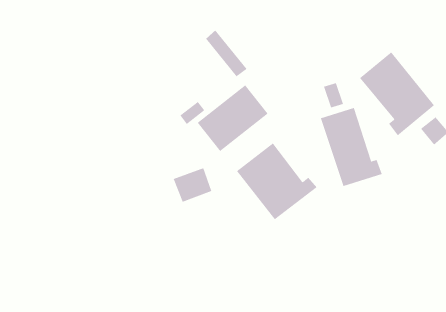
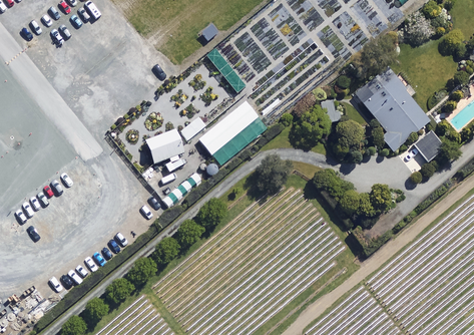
building: [320,107,382,187] -> none
building: [236,143,317,220] -> none
building: [173,167,212,203] -> [144,128,182,162]

